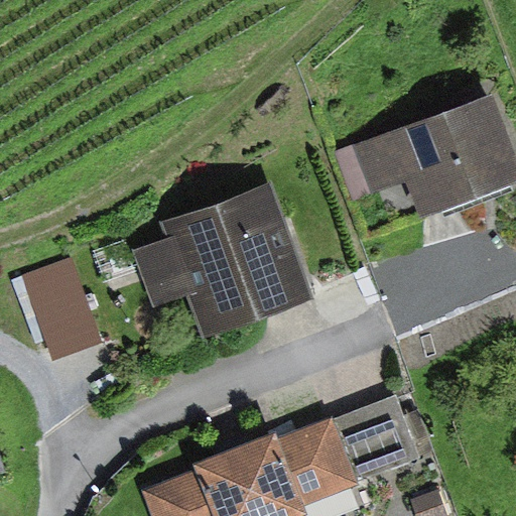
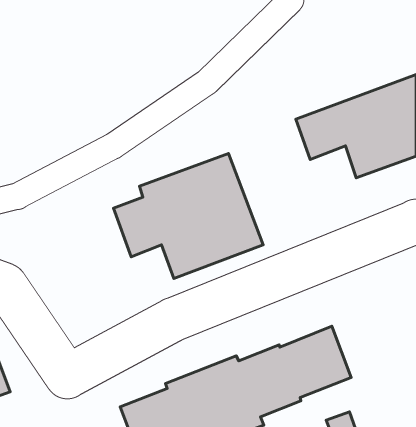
building: [9,257,86,355] -> none

